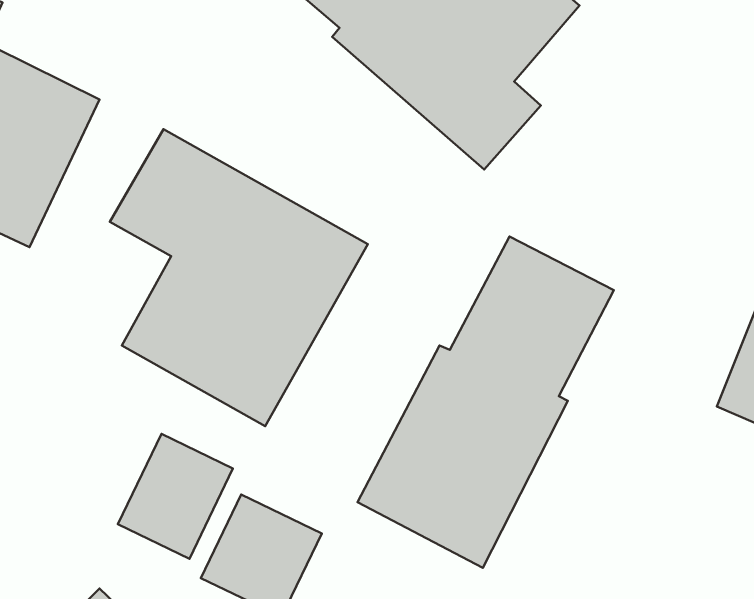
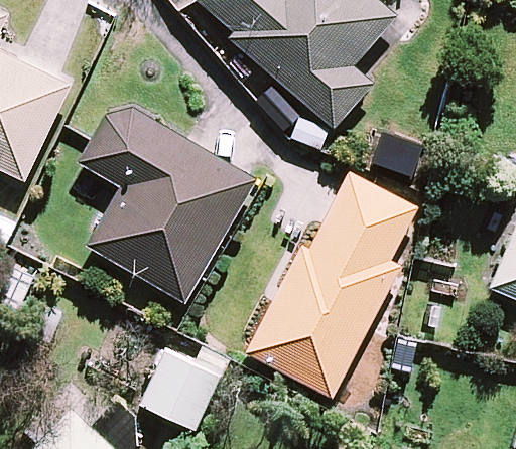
building: [118,434,233,559] -> none

